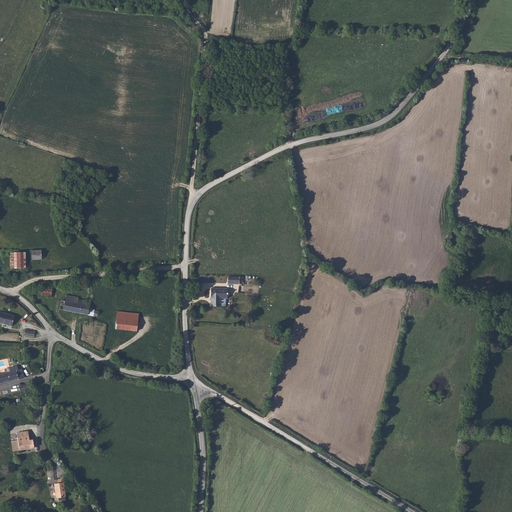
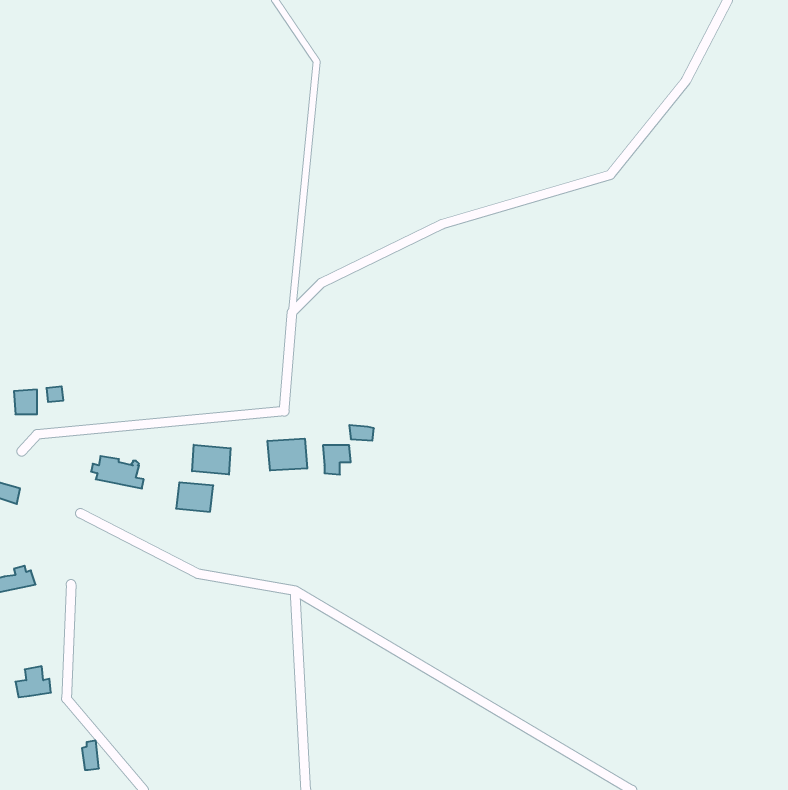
building: none -> [268,439,307,471]
building: none -> [192,445,231,475]

